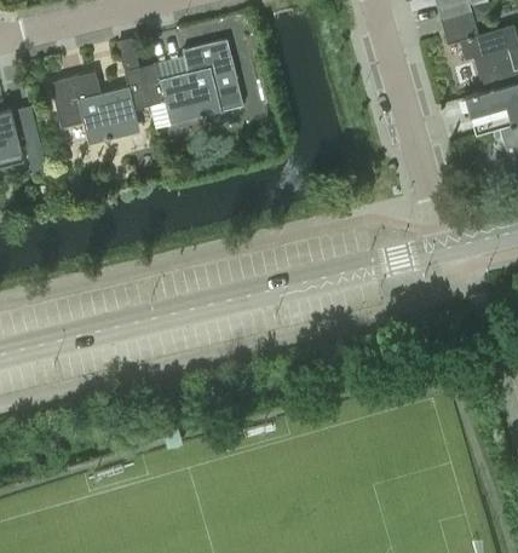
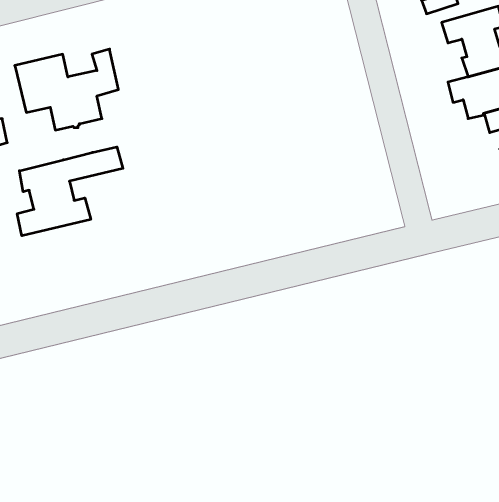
building: [140,38,243,126] -> none
building: none -> [17,147,123,236]

